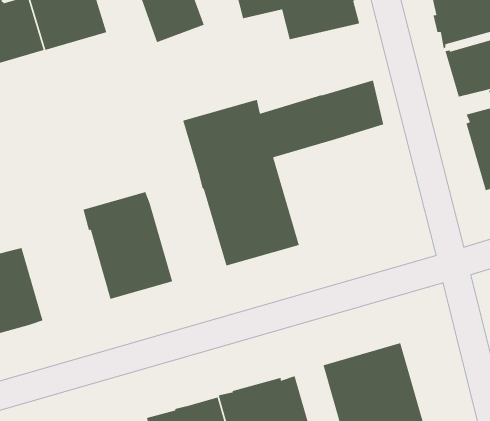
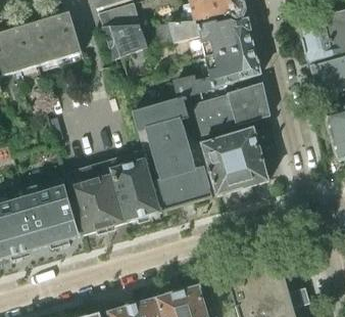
building: none -> [176,45,260,97]
building: none -> [203,125,279,193]
building: none -> [108,148,162,220]
building: none -> [24,184,80,246]

